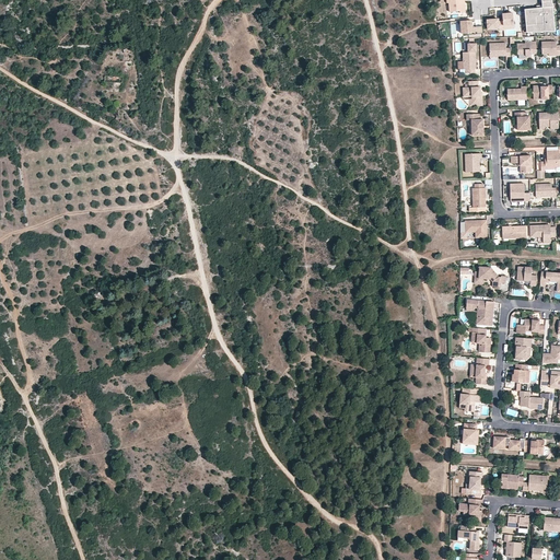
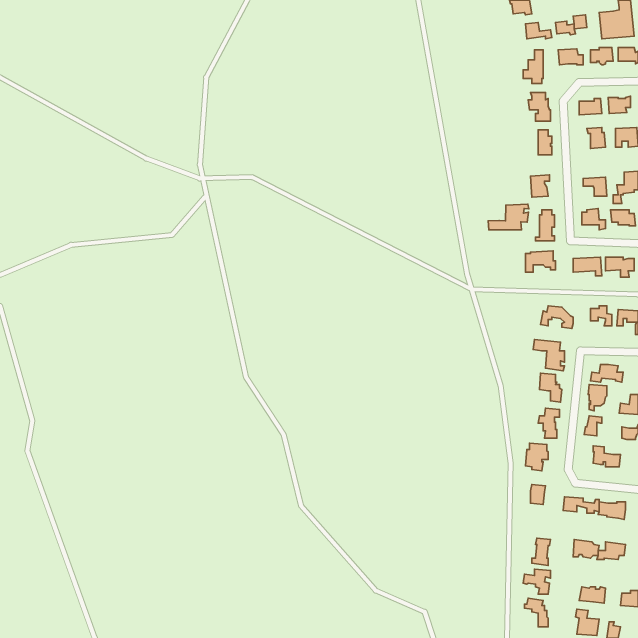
building: none -> [488,204,529,230]

